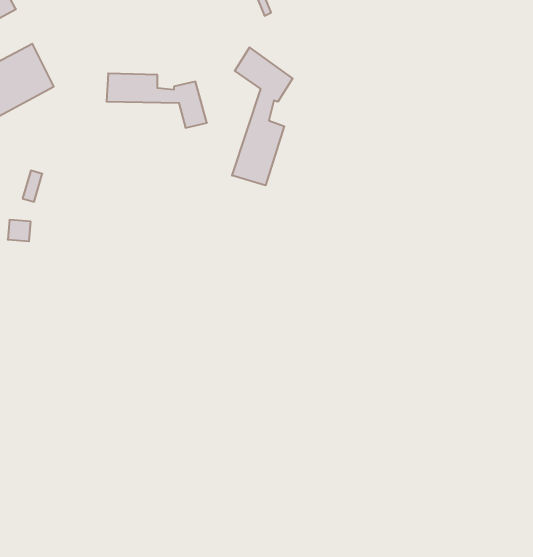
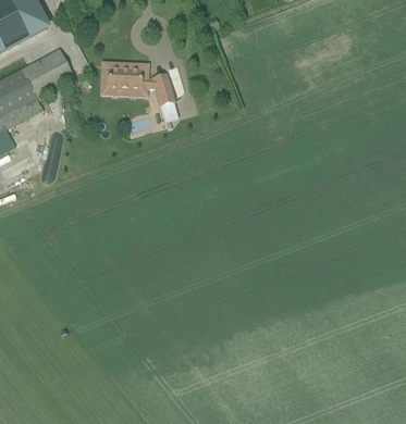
building: [232,47,293,185] -> none

